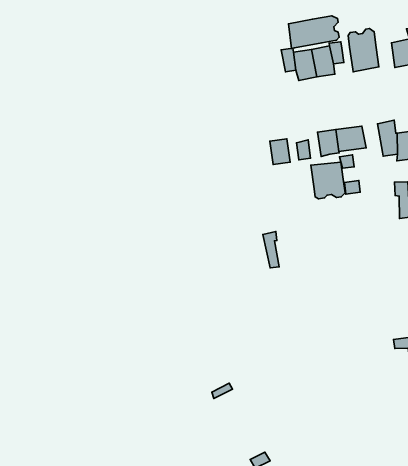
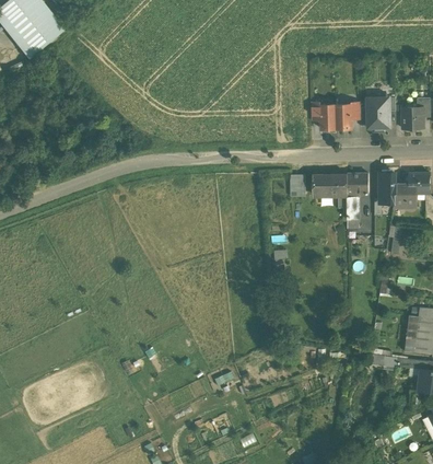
building: [288,16,339,48] -> none
building: [311,162,345,199] -> none

